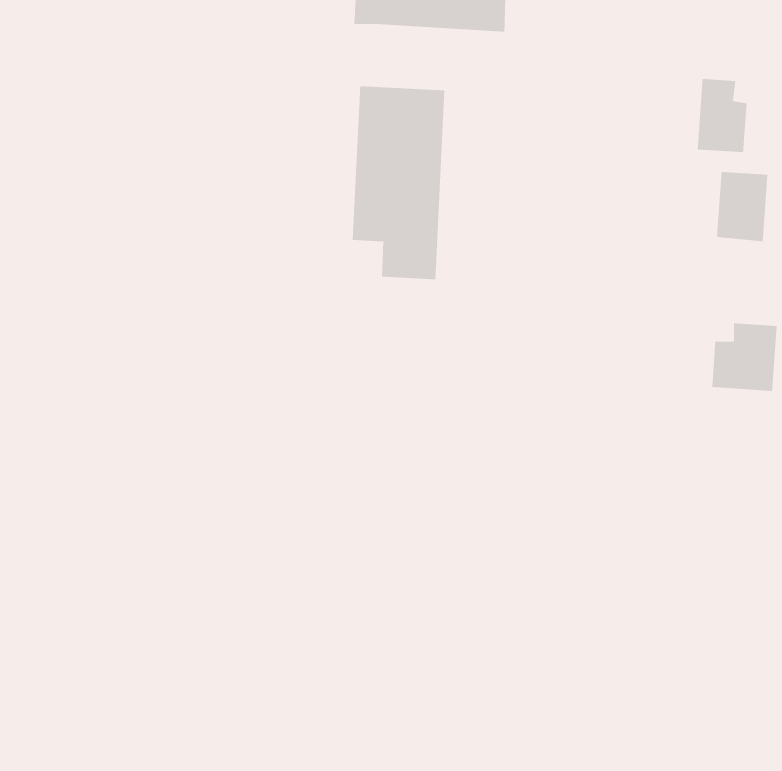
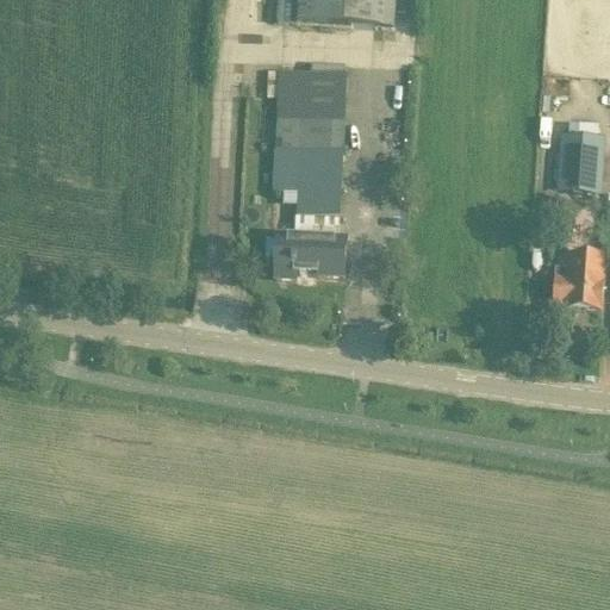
building: [697,78,747,153] -> none
building: none -> [276,232,346,263]

